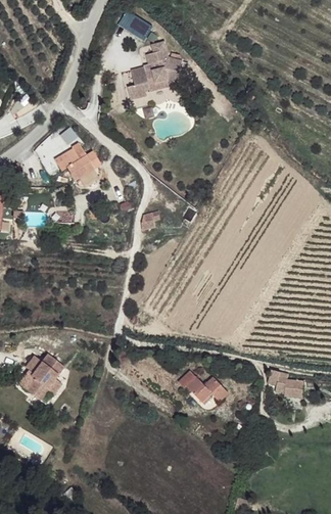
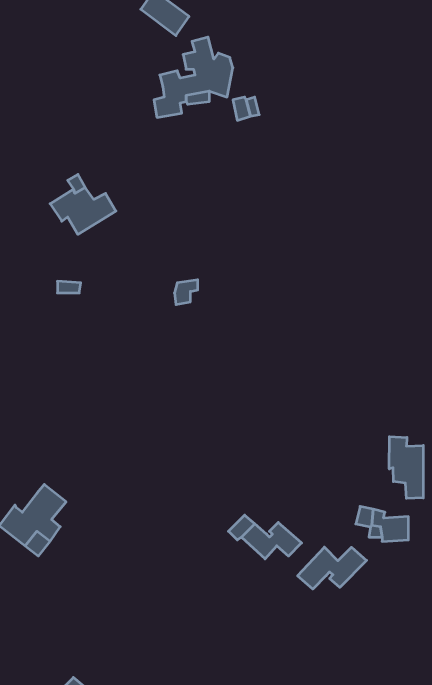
building: none -> [389,437,423,498]
building: none -> [298,547,367,589]

